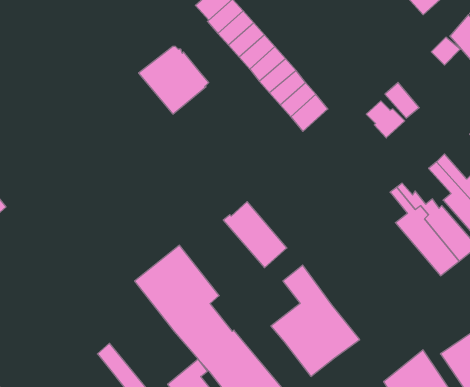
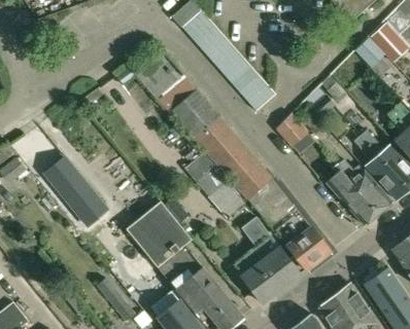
building: none -> [170,89,331,270]
building: none -> [276,113,308,146]
building: none -> [45,157,107,224]

